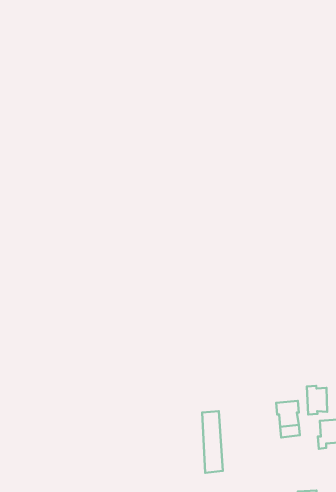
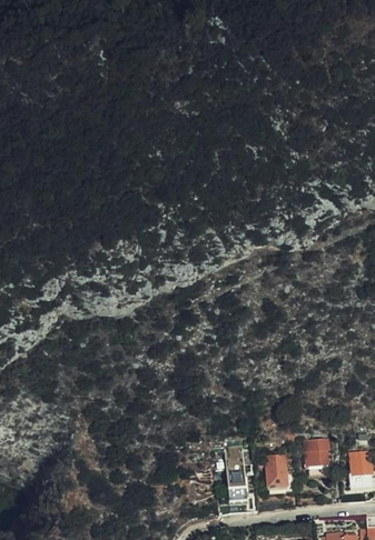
building: [307,386,327,414] -> none
building: none -> [265,456,287,488]

